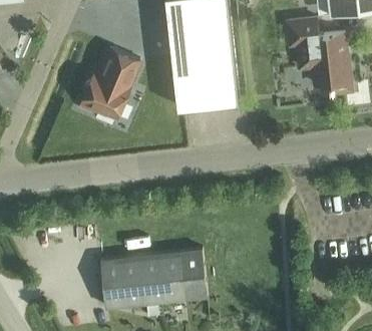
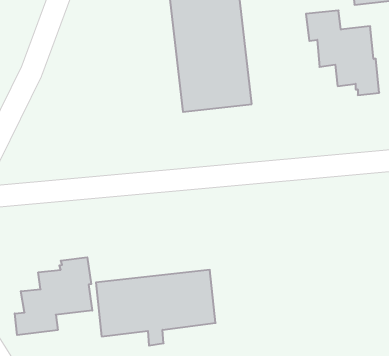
building: [79,51,139,118] -> none
building: none -> [15,257,92,335]

